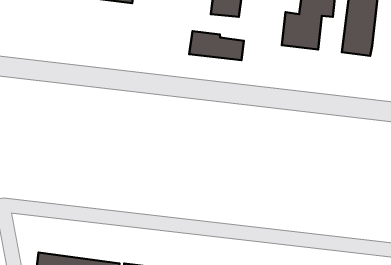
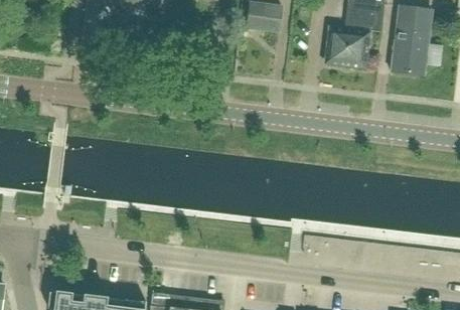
building: [189,31,244,60] -> none

